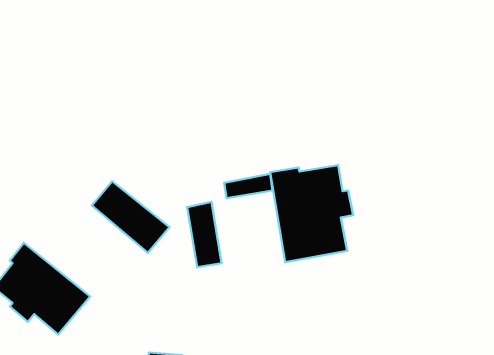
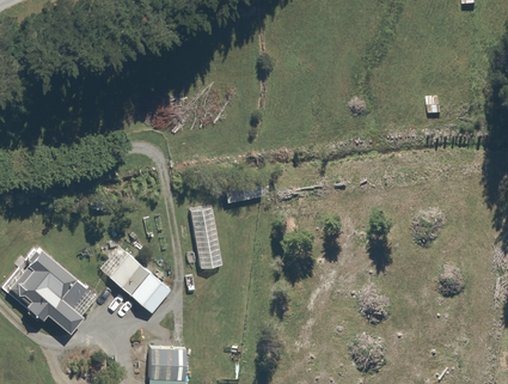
building: [270,165,353,262] -> none
building: [92,181,170,253] -> [99,248,172,315]

